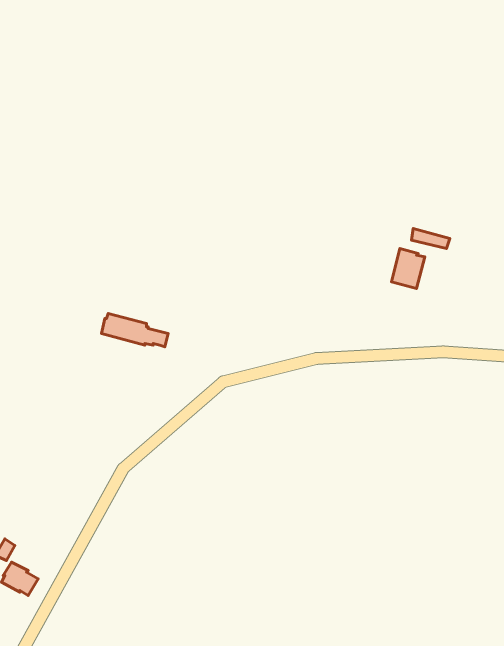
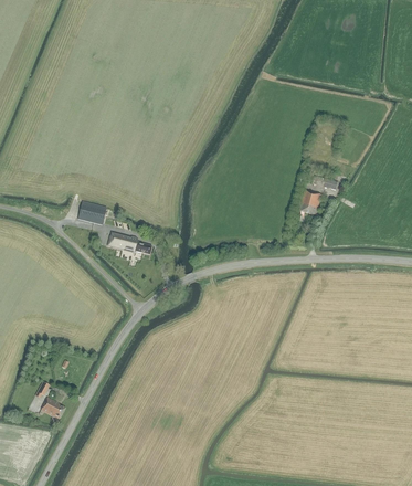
building: none -> [77,201,106,225]

